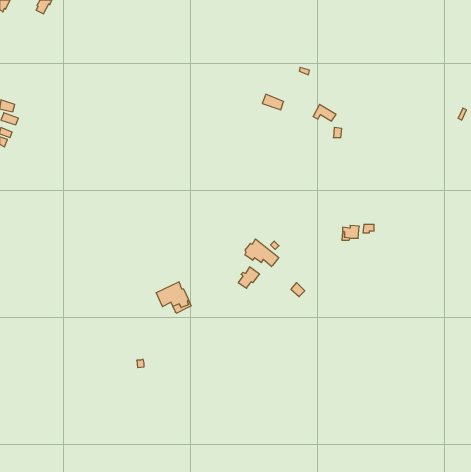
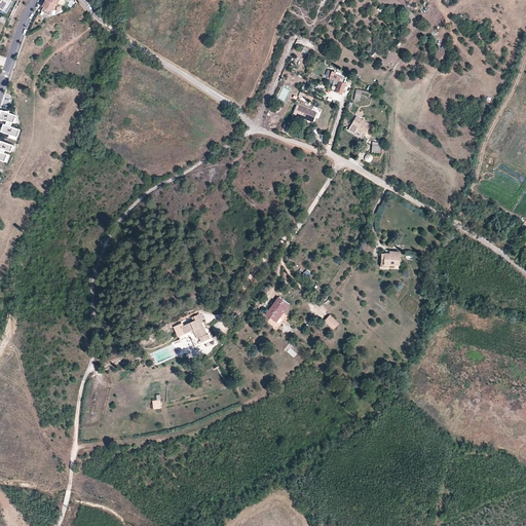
building: [245,239,279,267] -> none

